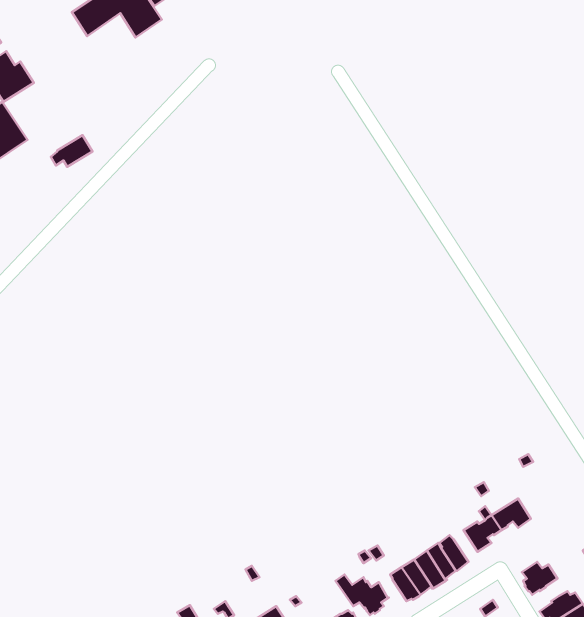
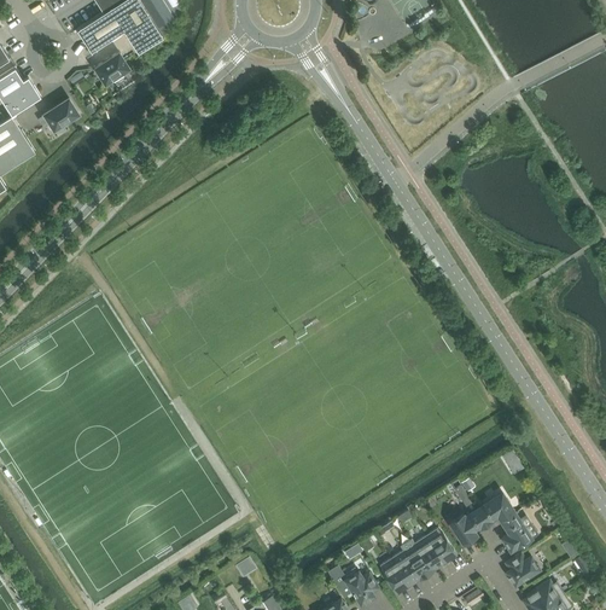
building: none -> [94,53,129,86]
building: [51,135,93,167] -> [39,100,78,130]
building: none -> [502,513,538,552]

